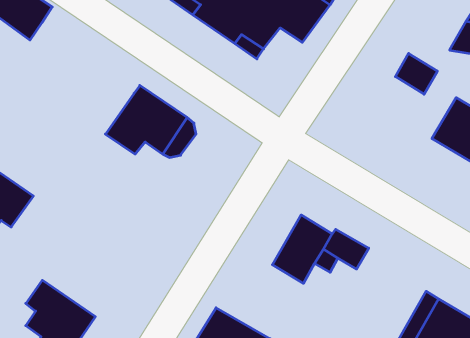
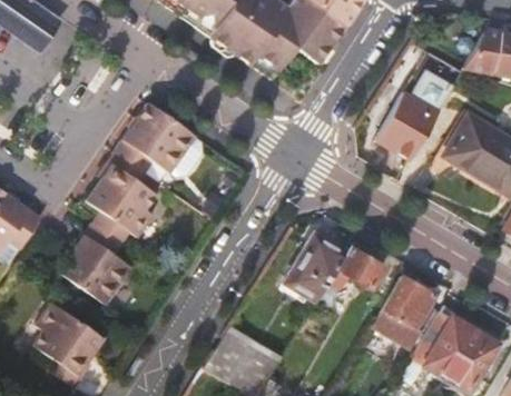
building: none -> [374,91,436,159]
building: none -> [88,151,158,236]
building: none -> [60,220,134,301]
building: none -> [371,276,433,348]

